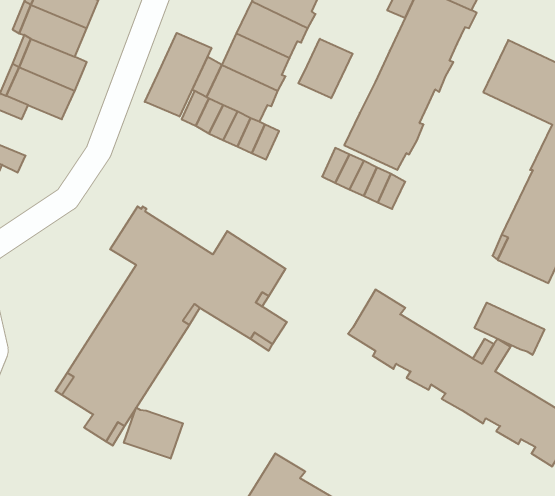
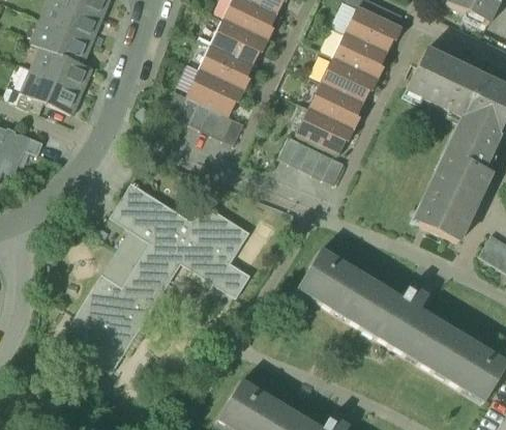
building: [145,33,211,117] -> none
building: [298,39,353,98] -> none
building: [475,303,544,355] -> none
building: [124,408,183,459] -> none

